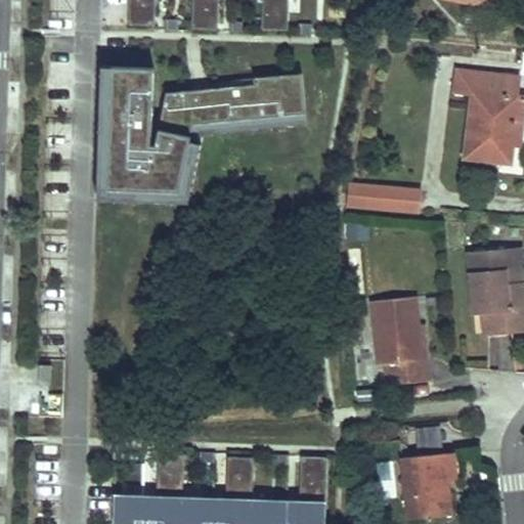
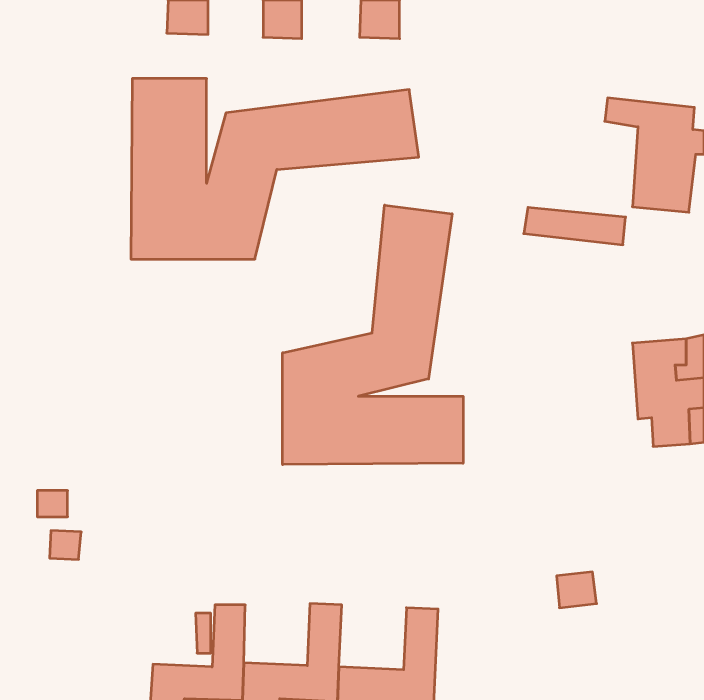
building: none -> [283,205,463,465]
building: [348,188,424,216] -> [524,207,626,245]
building: [372,289,430,382] -> none
building: [391,454,449,519] -> none

